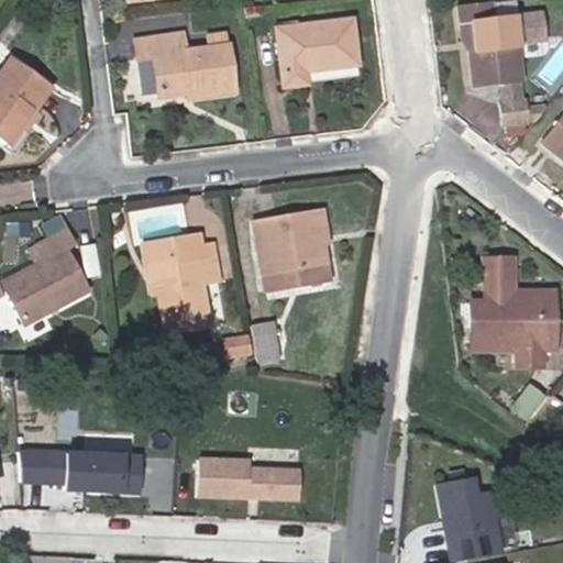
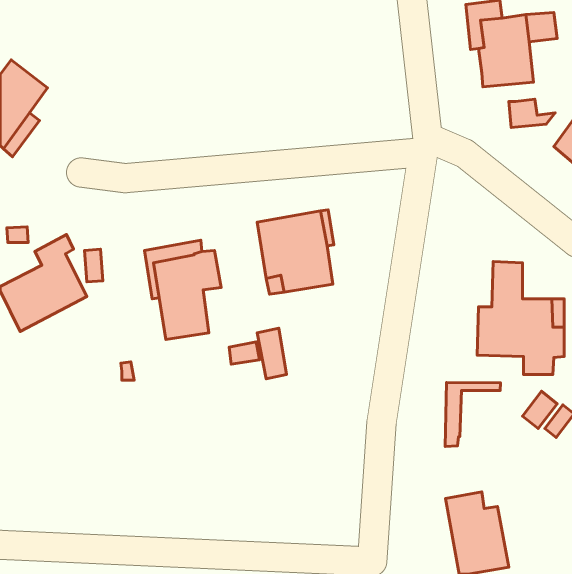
building: [278,20,356,86] -> none
building: [139,32,235,97] -> none
building: none -> [445,383,500,447]
building: [21,451,143,492] -> none
building: [200,459,302,498] -> none

